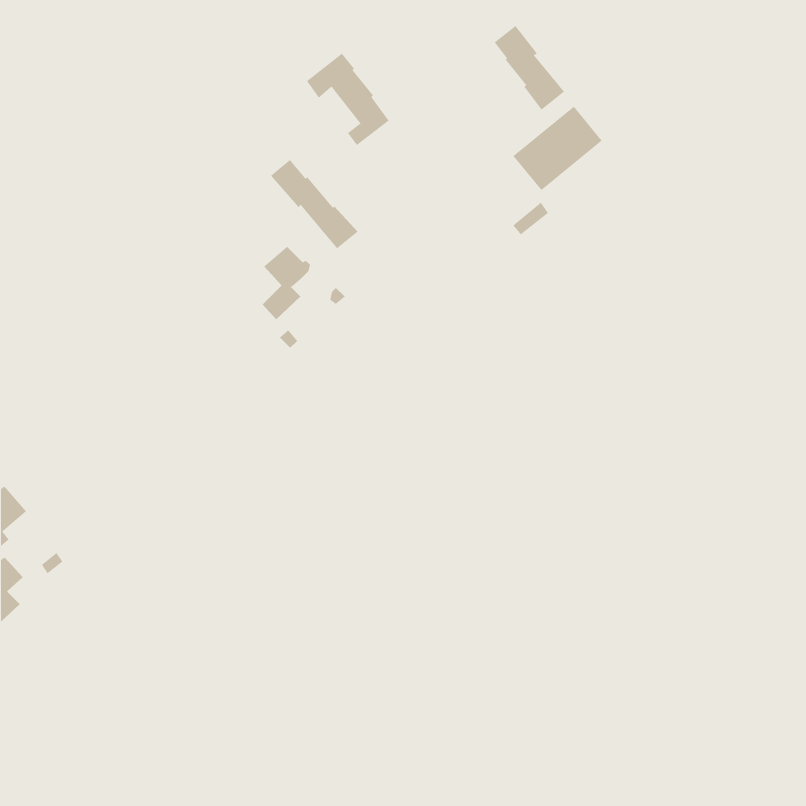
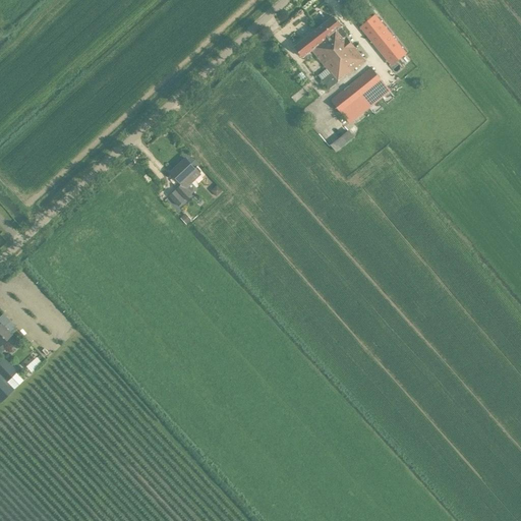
building: none -> [360,15,405,65]
building: [306,53,390,146] -> [295,27,349,88]
building: [270,159,359,249] -> none

